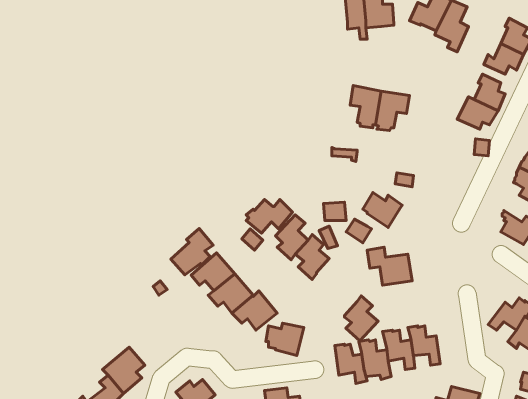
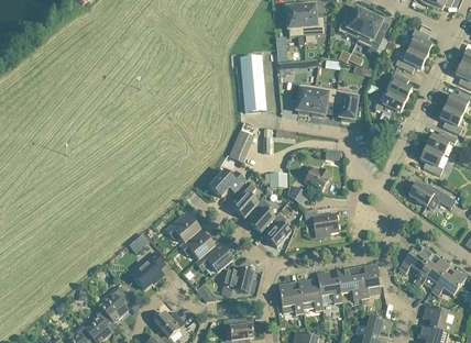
building: none -> [239,54,266,111]
building: none -> [335,88,358,121]
building: none -> [228,129,254,161]
building: [171,228,213,275] -> [132,251,165,287]
building: [344,296,378,341] -> [264,211,291,246]
building: none -> [358,263,380,298]

